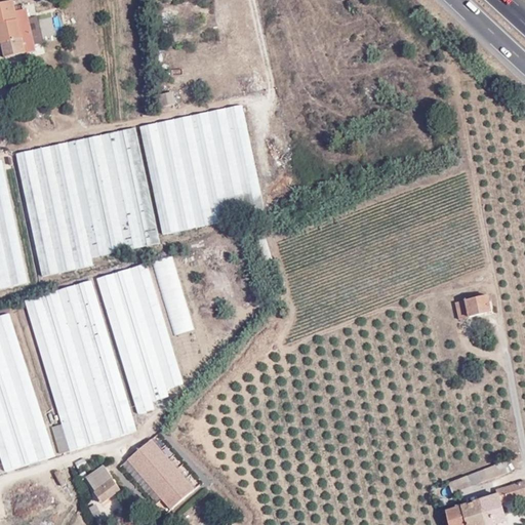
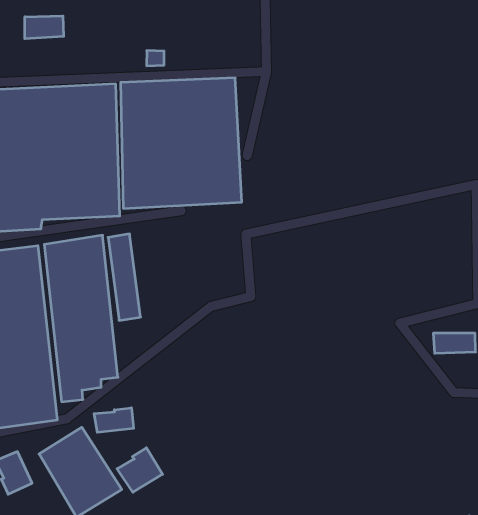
building: none -> [25,16,64,39]
building: none -> [94,408,134,432]
building: none -> [117,448,163,492]

